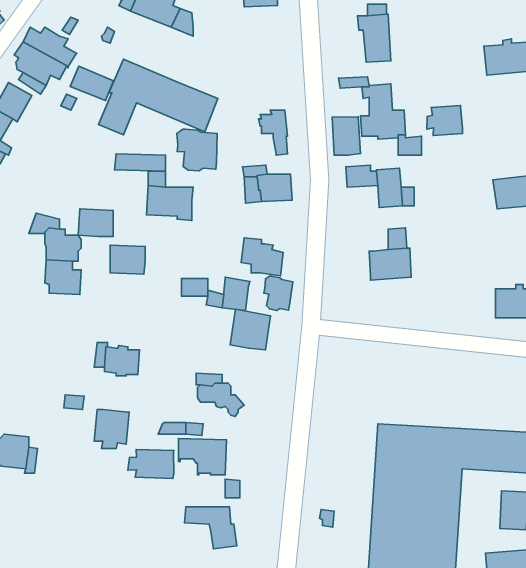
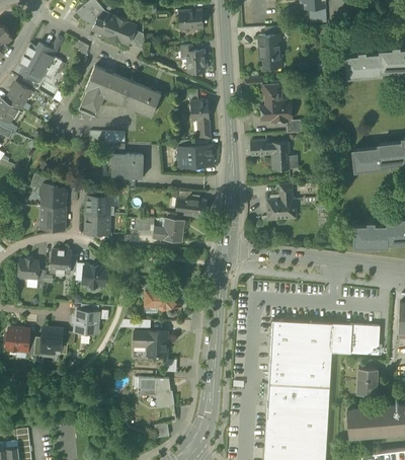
building: none -> [186,52,208,73]
building: [70,66,114,101] -> none
building: [427,106,463,136] -> none
building: [332,117,360,155] -> none
building: [177,129,217,171] -> none
building: [78,209,113,237] -> [85,216,109,235]
building: [264,276,293,310] -> none
building: [230,309,271,350] -> none
building: none -> [51,250,72,275]
building: none -> [18,259,39,281]
building: none -> [40,328,63,356]
building: [128,449,174,478] -> none

